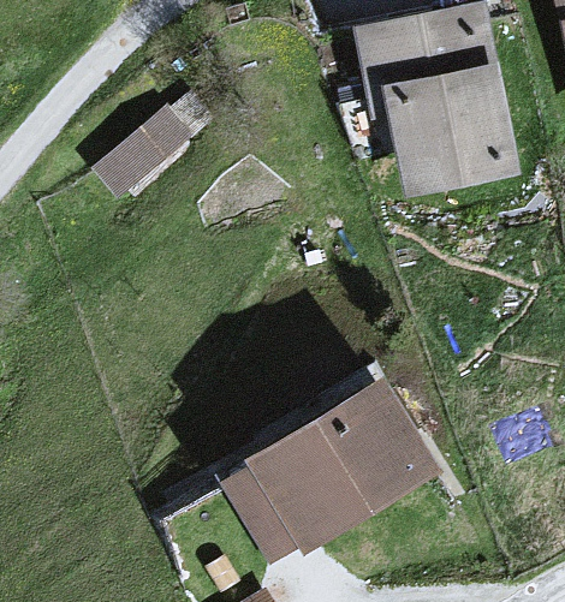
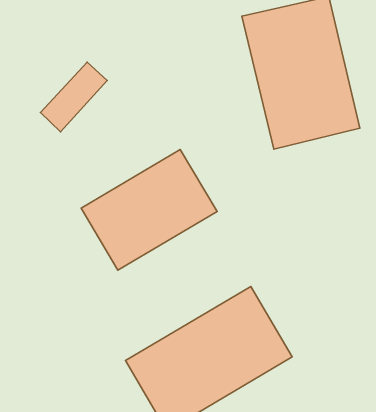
building: none -> [81,150,217,270]

